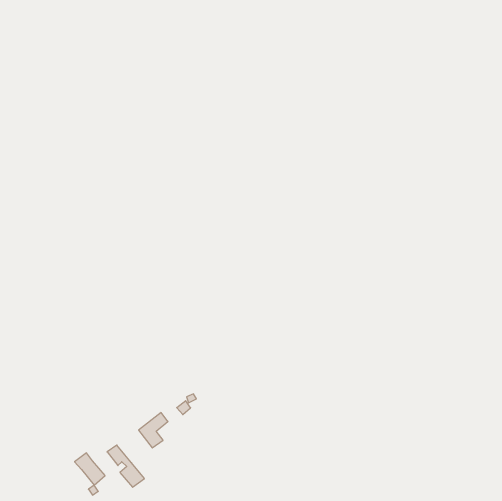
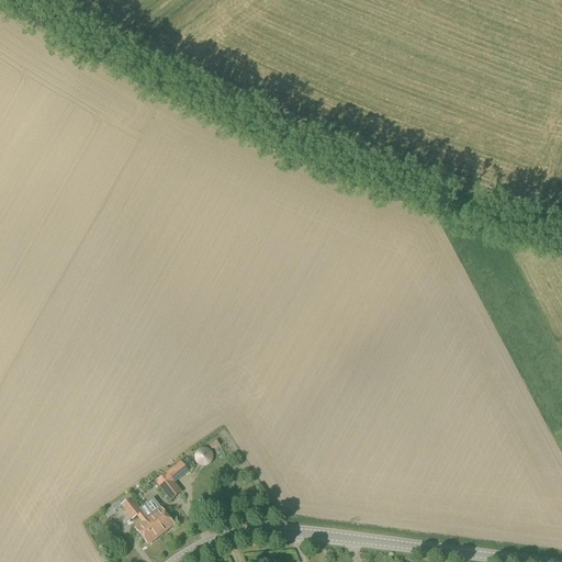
building: [75,453,105,485] -> [139,498,173,535]

